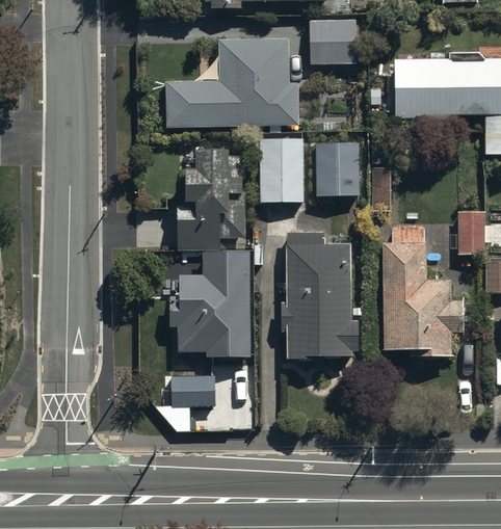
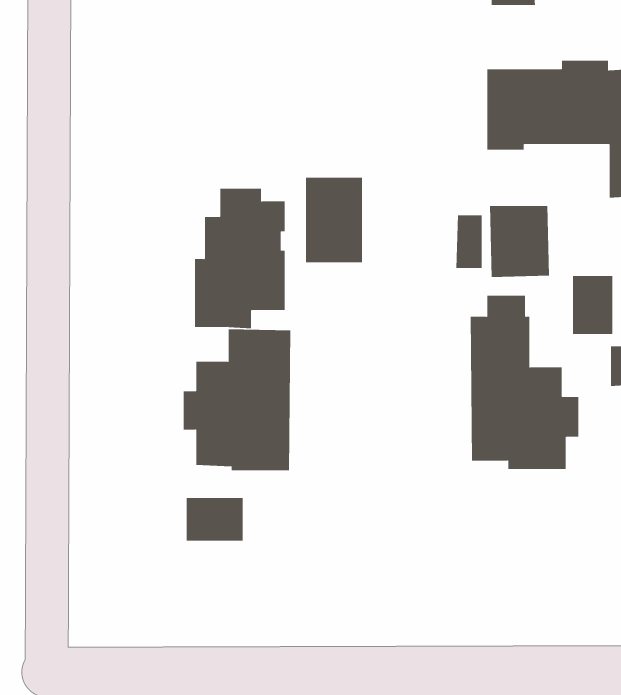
building: [311,21,357,63] -> none
building: [166,39,299,126] -> none
building: [315,142,360,195] -> [489,206,550,277]
building: [281,230,360,358] -> none

